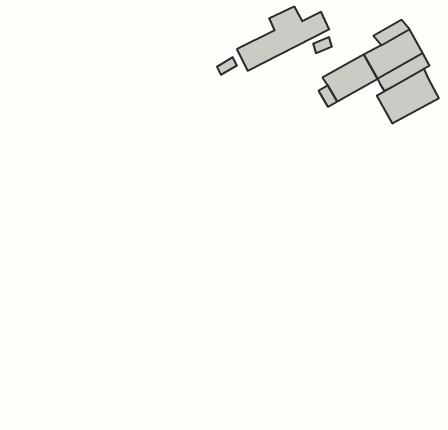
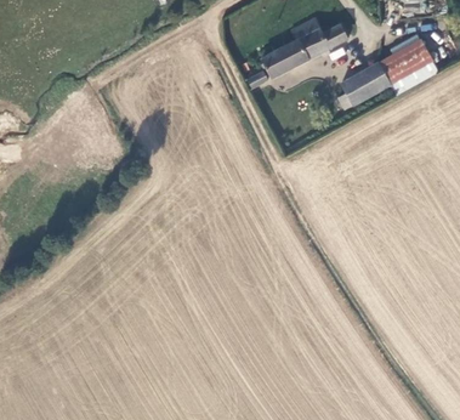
building: [377,69,439,124] -> none

